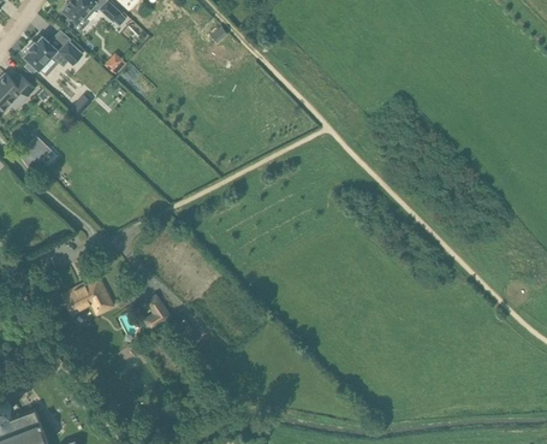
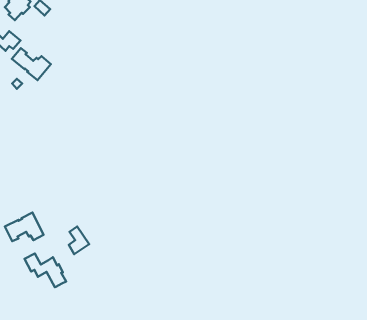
building: none -> [12,48,51,80]
building: none -> [24,253,66,287]

